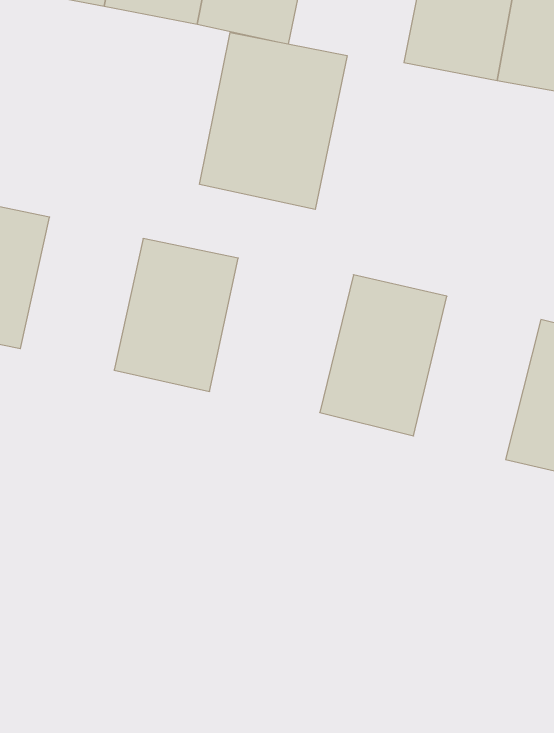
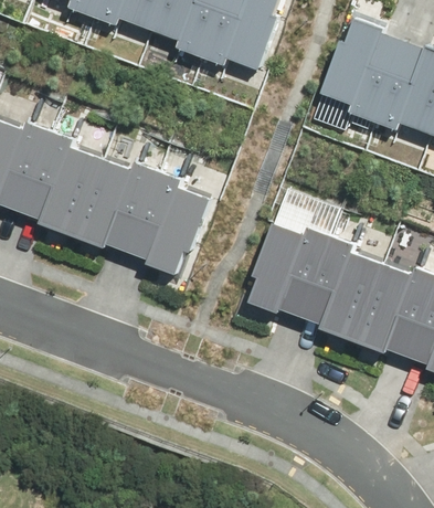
building: [200,32,347,209] -> none
building: none -> [68,155,151,252]
building: none -> [296,236,382,339]

